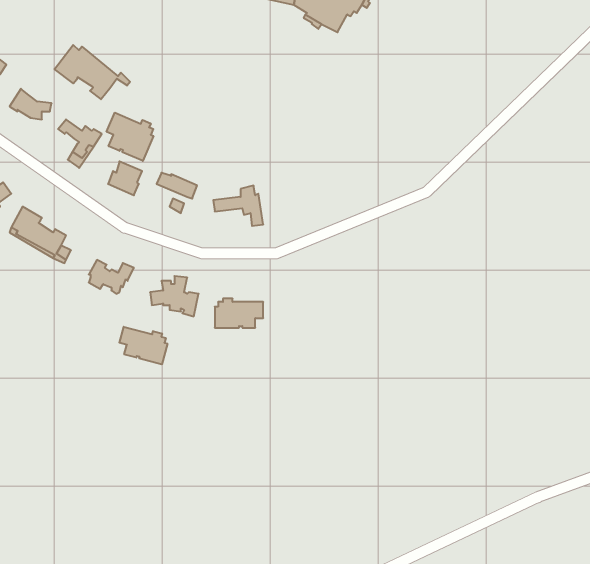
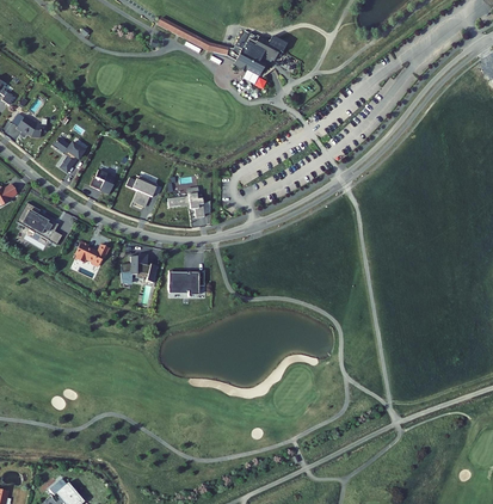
building: [54,45,130,99] -> none
building: [107,113,153,161] -> none
building: [119,327,167,364] -> none

